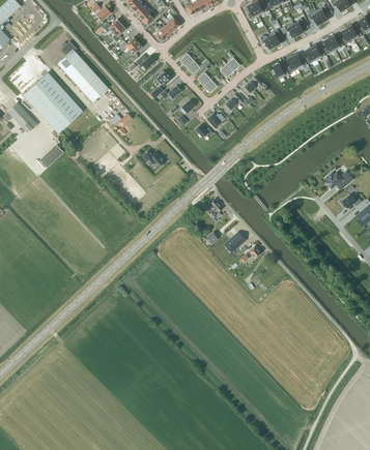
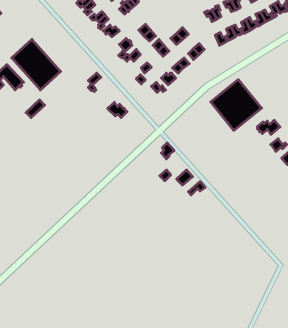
building: [57,41,108,101] -> none
building: none -> [211,80,262,130]

